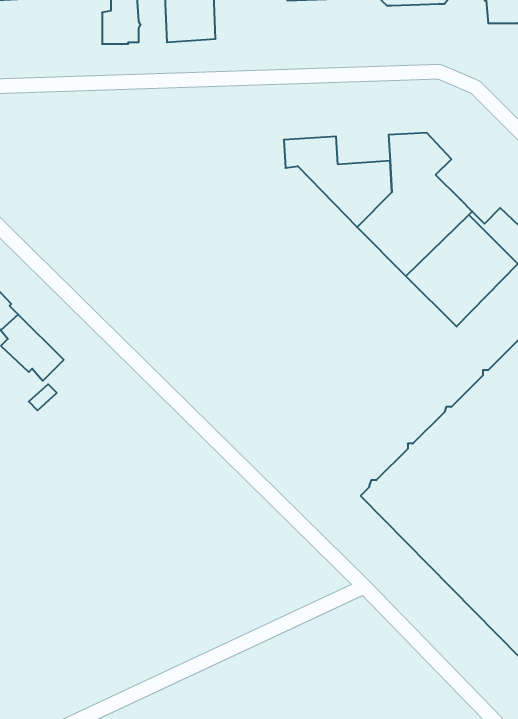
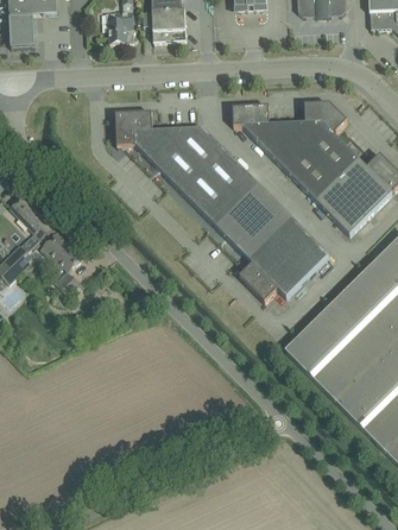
building: none -> [115,111,329,299]

